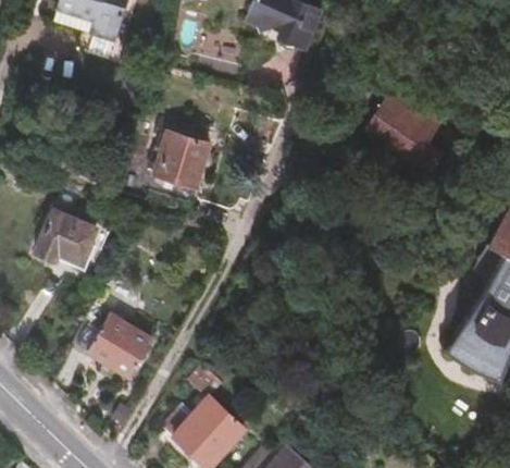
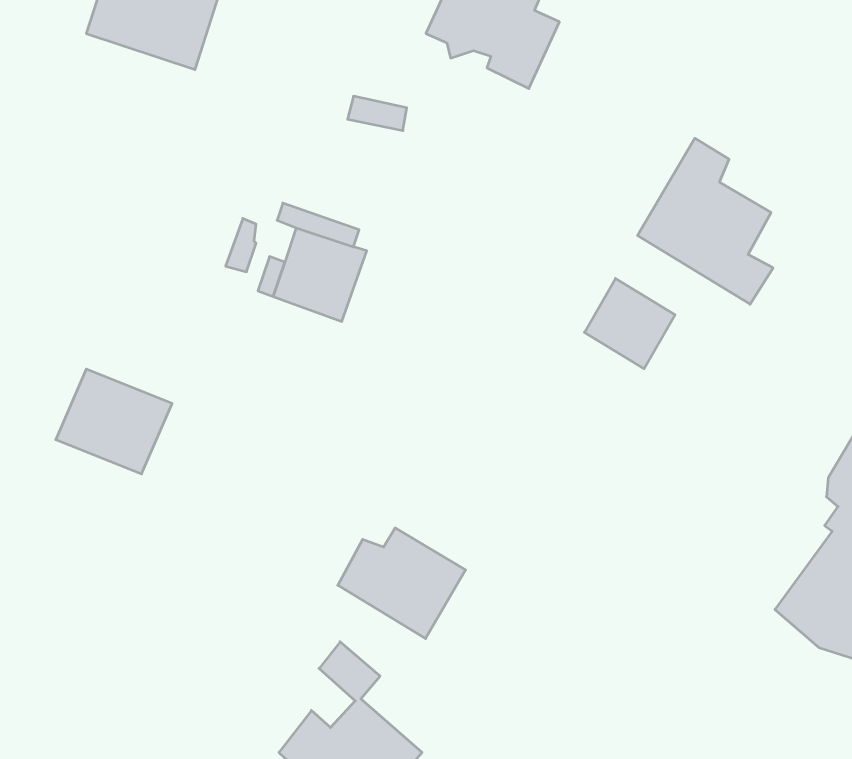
building: none -> [584,278,675,369]
building: [82,315,154,378] -> [338,528,466,639]

